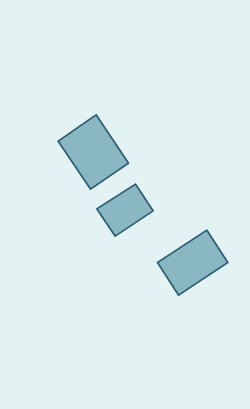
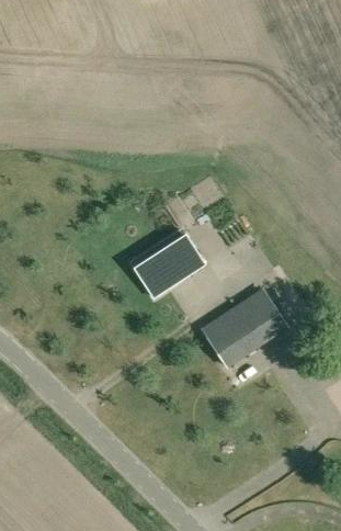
building: [58,115,129,189] -> none

